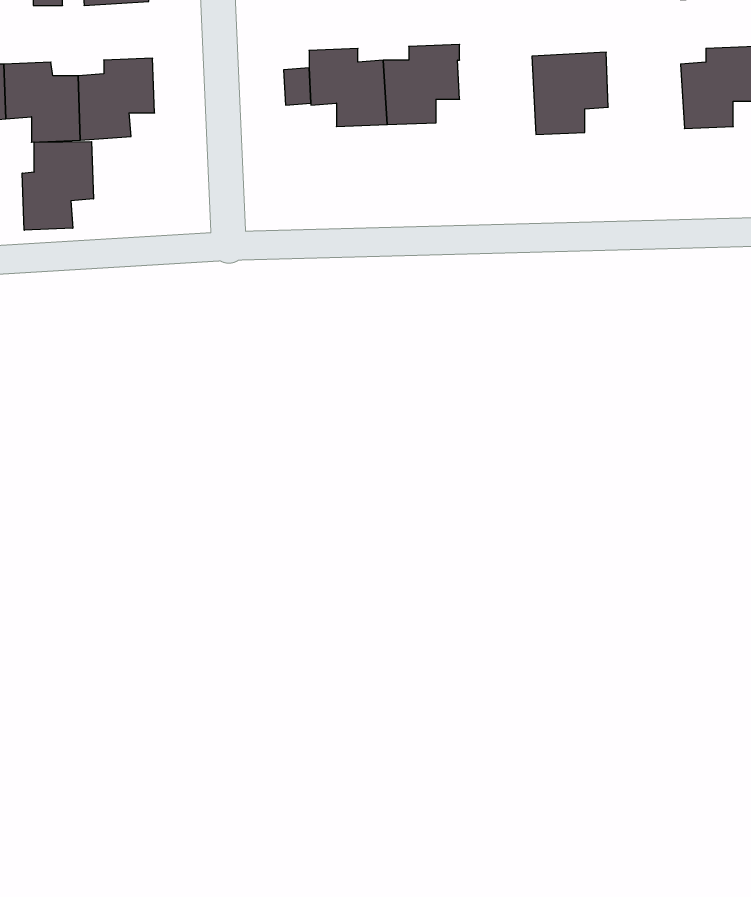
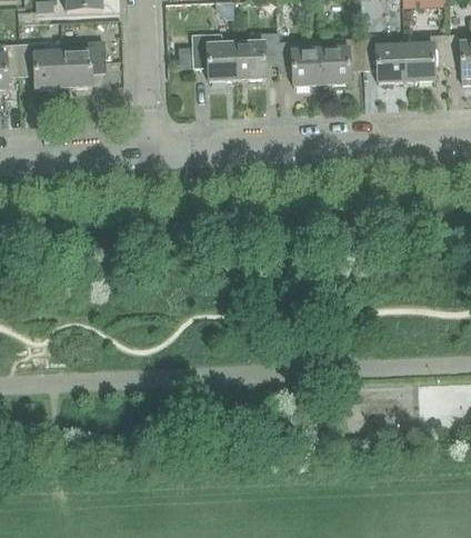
building: none -> [362,37,407,82]
building: none -> [278,40,322,86]
building: [22,142,93,230] -> none

